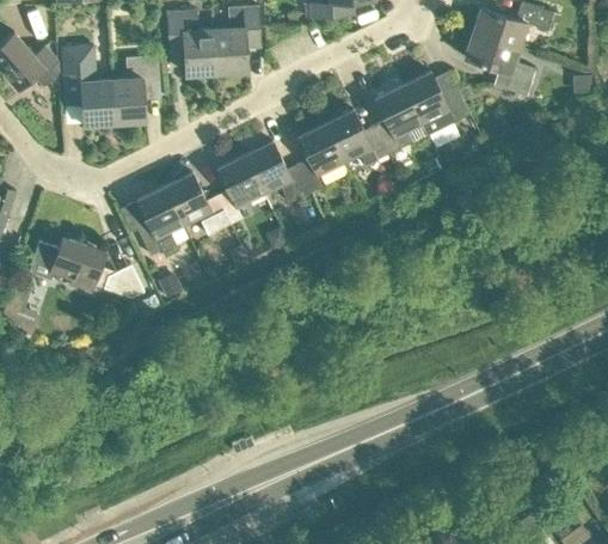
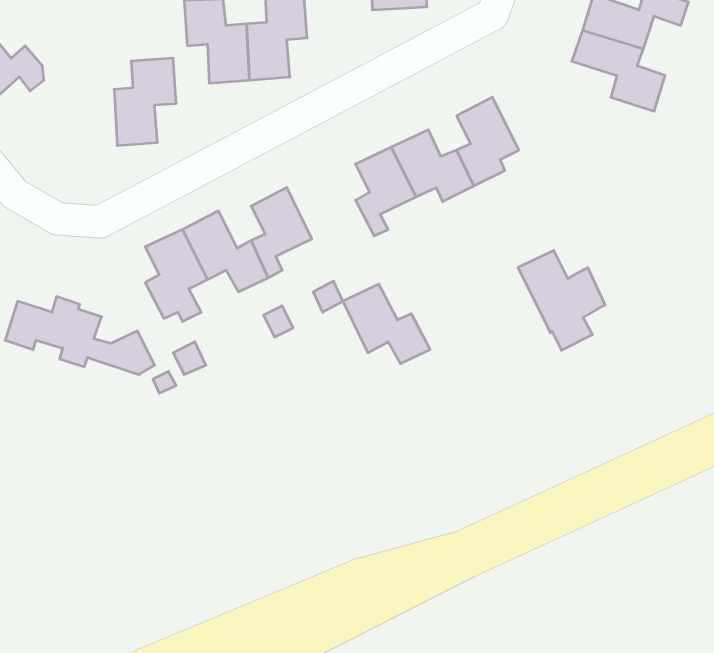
building: [62,44,115,124] -> none
building: [403,72,469,148] -> [518,250,605,350]
building: [245,141,312,202] -> [343,284,430,364]

